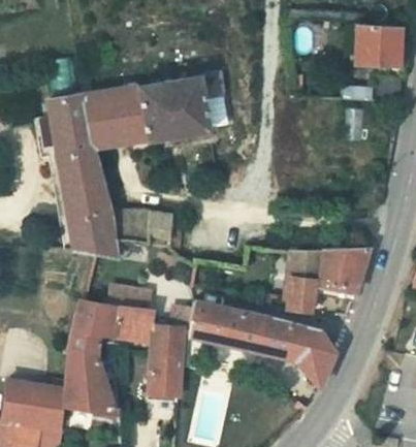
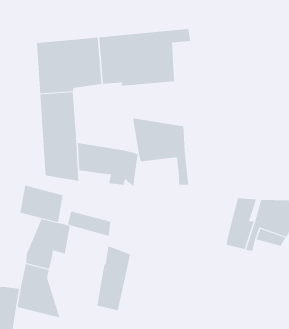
building: none -> [133,118,189,186]
building: [191,299,339,385] -> none
building: [108,307,157,346] -> [20,185,64,223]

